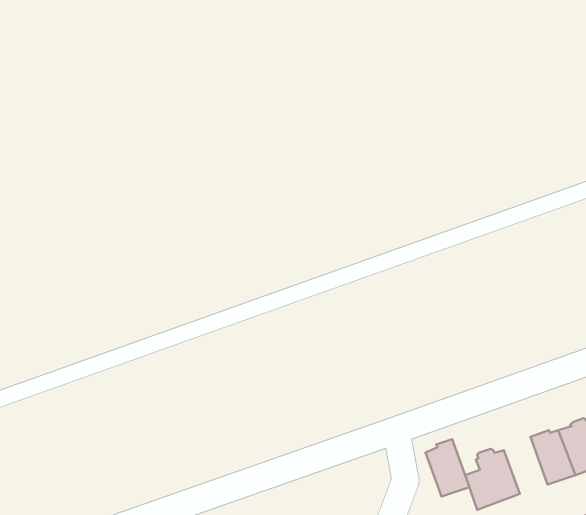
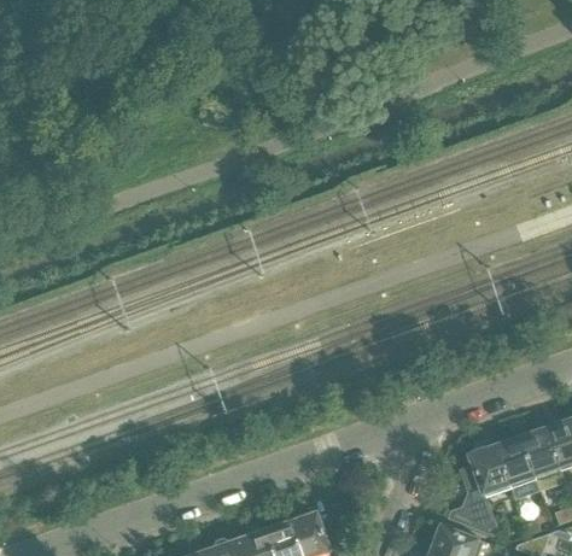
building: [426,439,469,496] -> [495,437,535,488]

